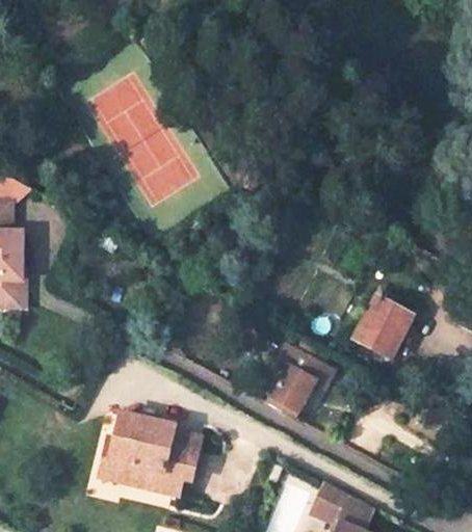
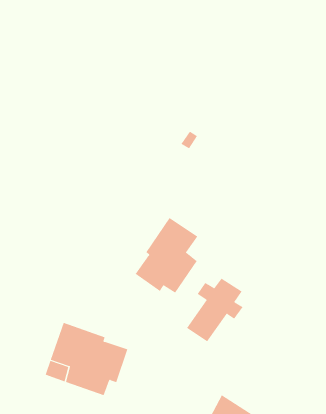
building: none -> [135,217,198,293]
building: [351,287,415,358] -> none

